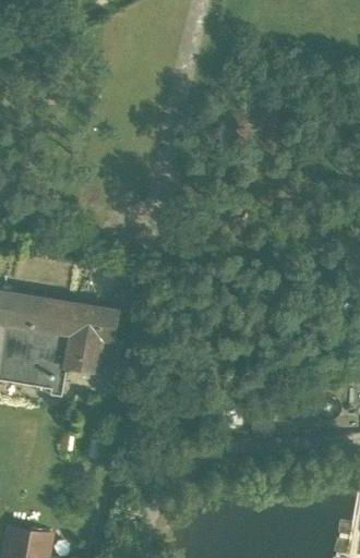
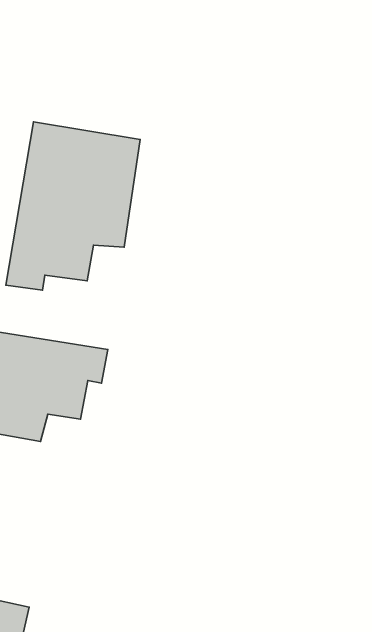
building: none -> [6,122,140,290]

